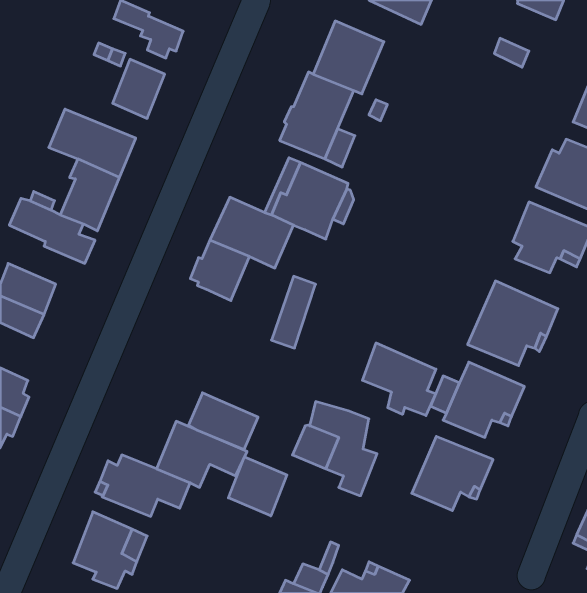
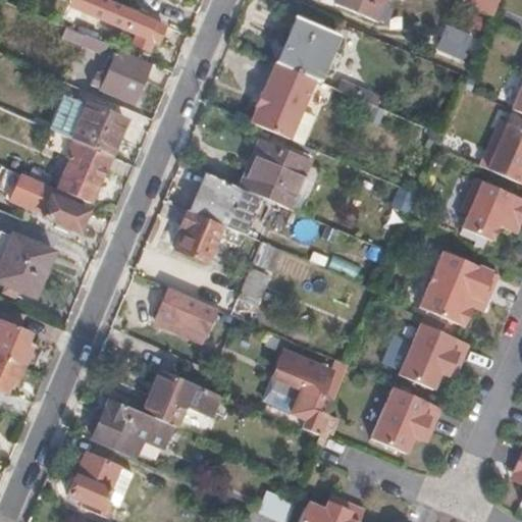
building: [362,343,436,416] -> none
building: [188,393,258,450] -> [158,288,219,337]
building: [228,457,287,516] -> none

